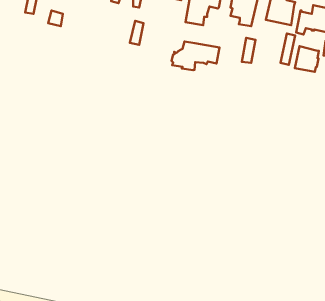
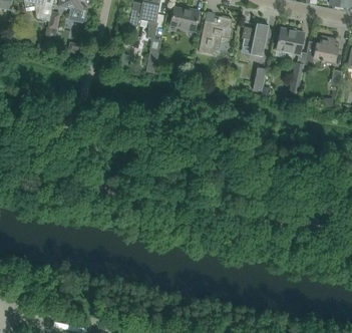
building: [172,42,220,70] -> none
building: [295,46,319,72] -> none

